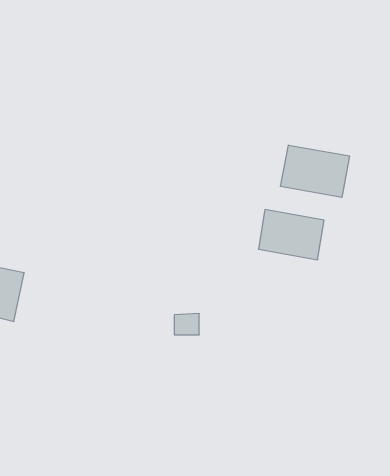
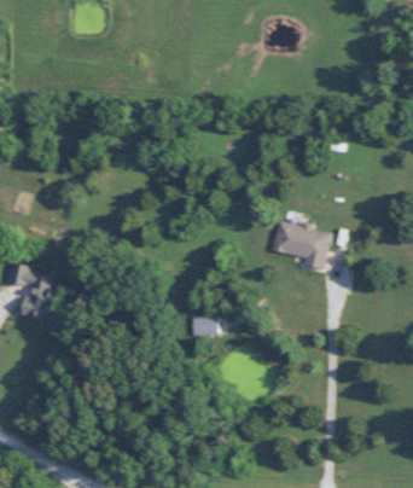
building: [281,145,350,197] -> none

